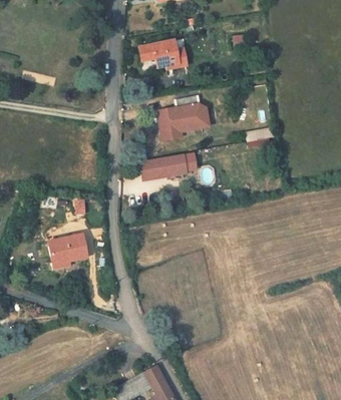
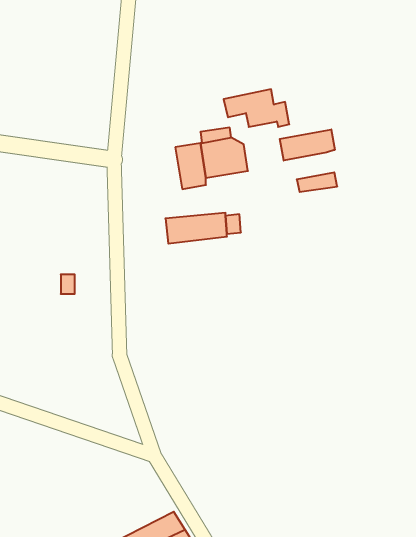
building: [137,43,185,70] -> [224,89,289,127]
building: none -> [280,129,335,161]
building: [49,234,88,264] -> none

